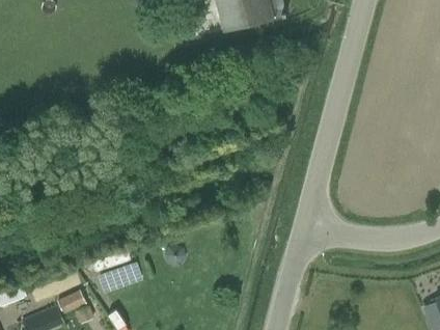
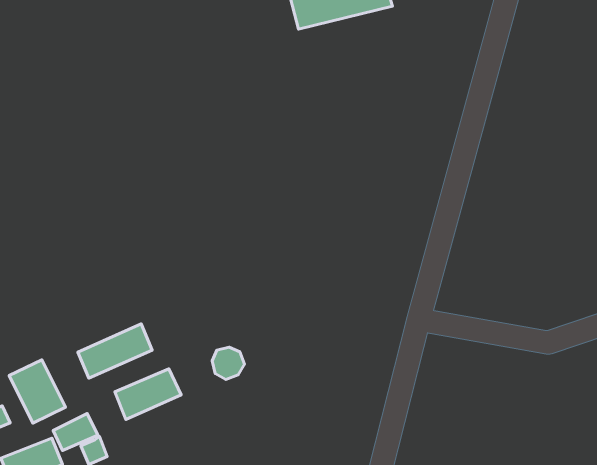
building: none -> [78,324,152,378]
building: none -> [9,360,66,423]

